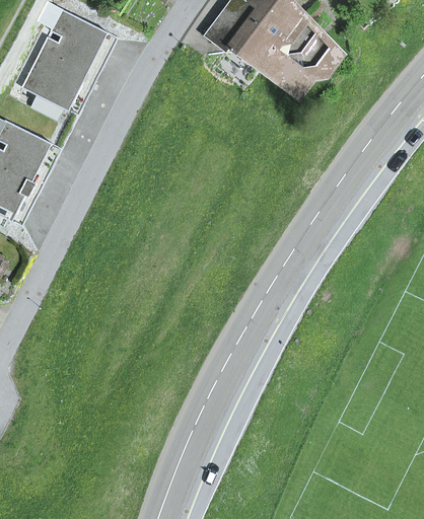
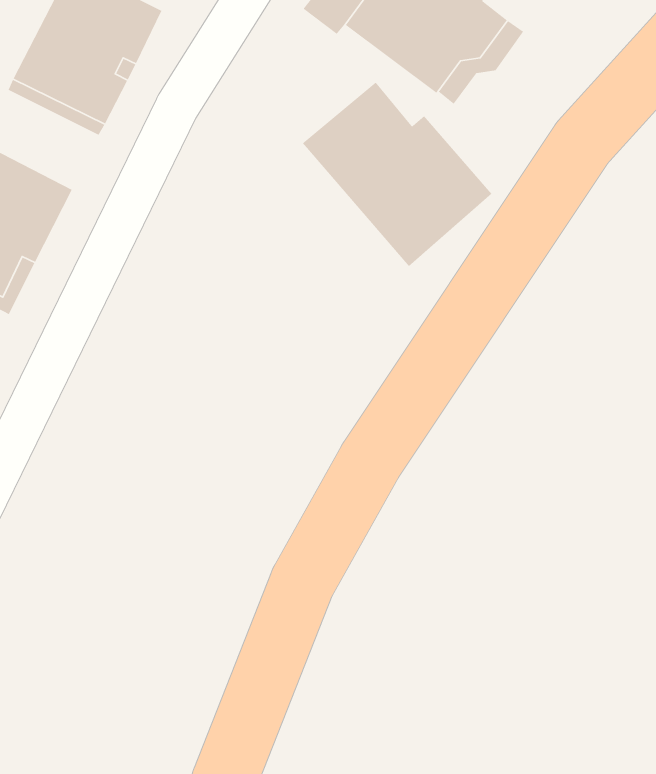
building: none -> [302,81,492,267]

